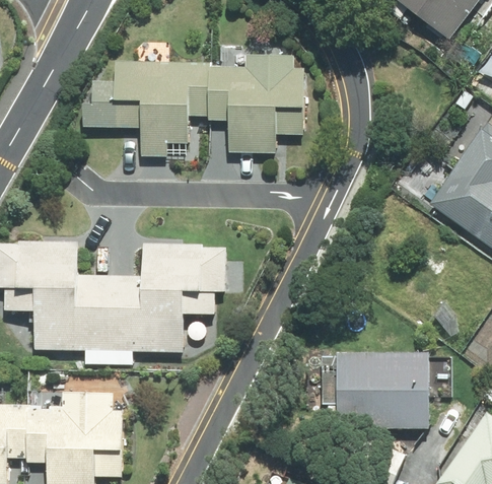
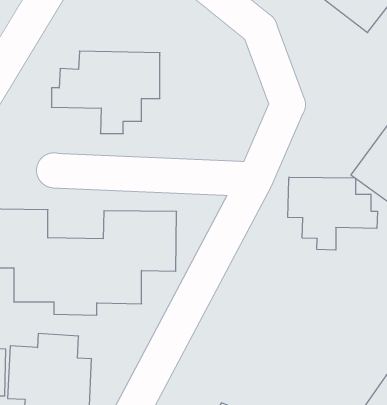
building: [206,53,303,152] -> none
building: none -> [288,177,377,250]
building: [323,350,434,430] -> none

